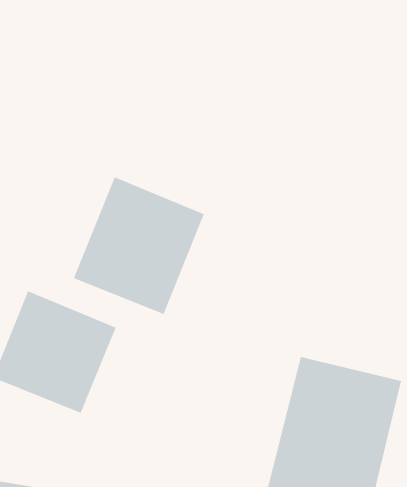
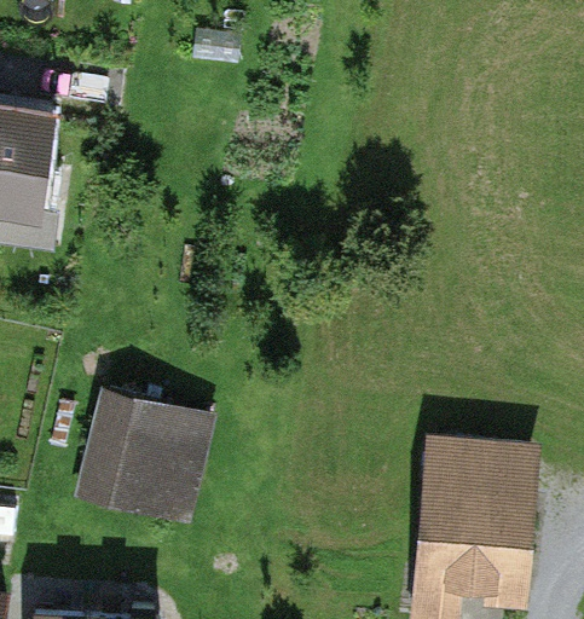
building: [73,177,204,315] -> none

